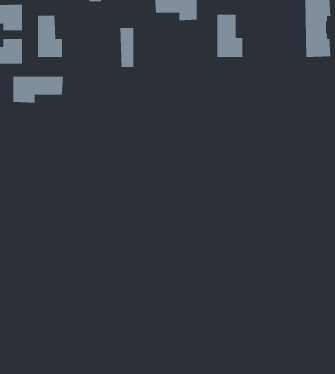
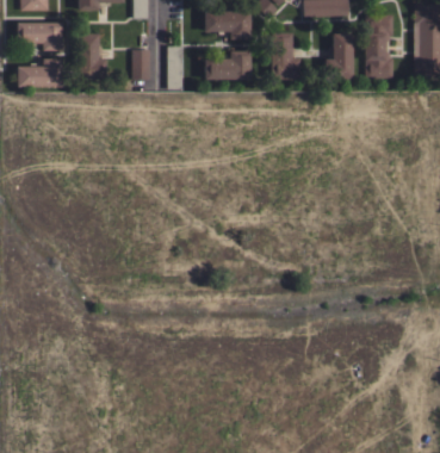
building: none -> [326,33,353,79]
building: none -> [132,49,150,79]
building: none -> [204,50,250,79]
building: [13,76,64,104] -> none

